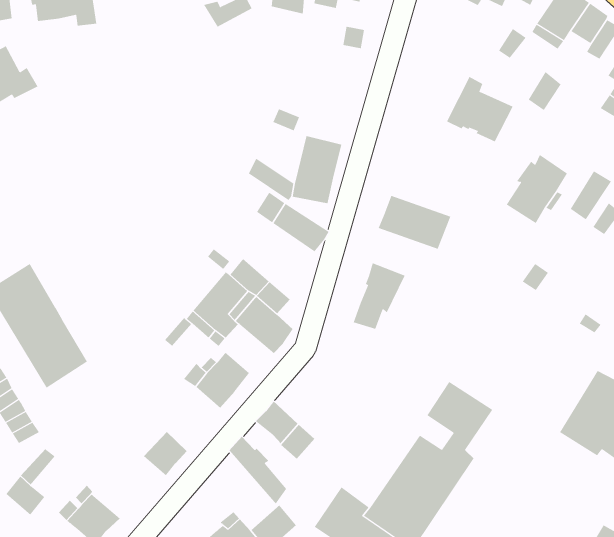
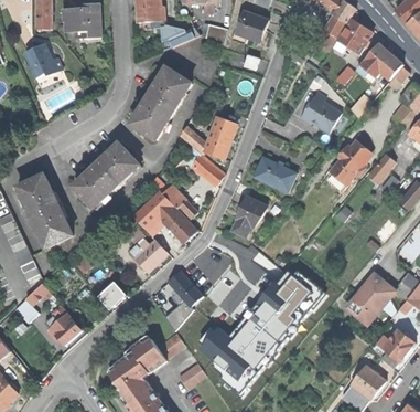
building: none -> [130,66,192,140]
building: none -> [73,142,141,210]

